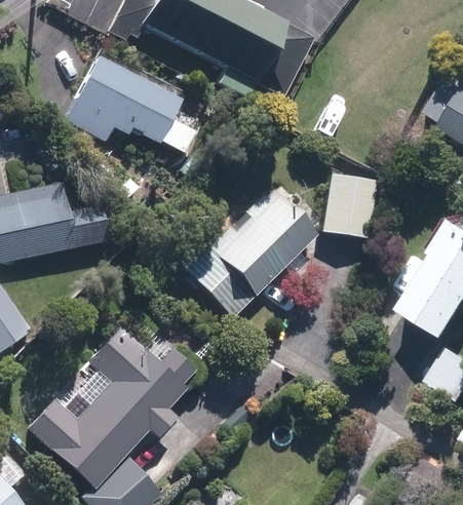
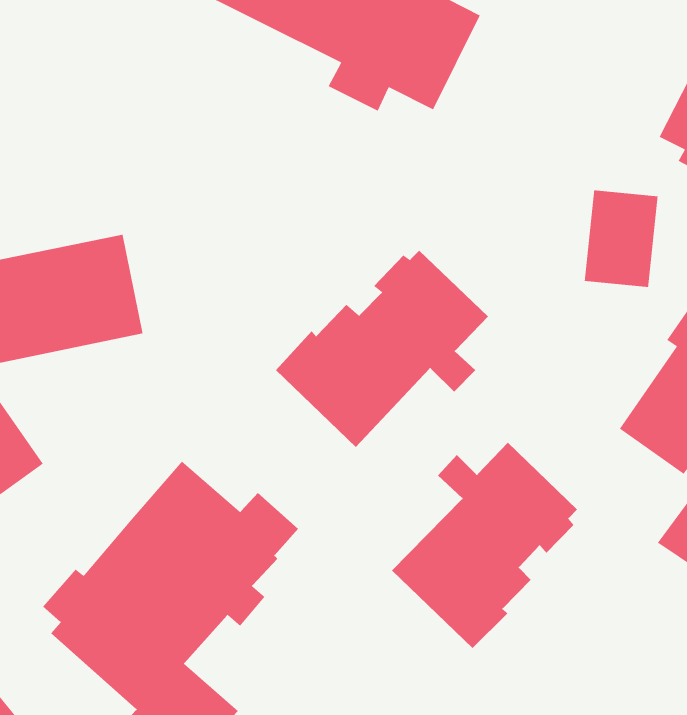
building: [63,52,183,148] -> none
building: [323,173,372,237] -> [584,189,658,288]
building: none -> [391,442,578,649]

